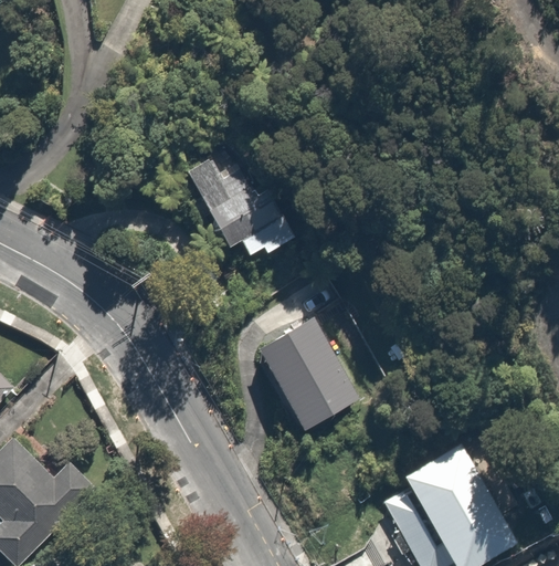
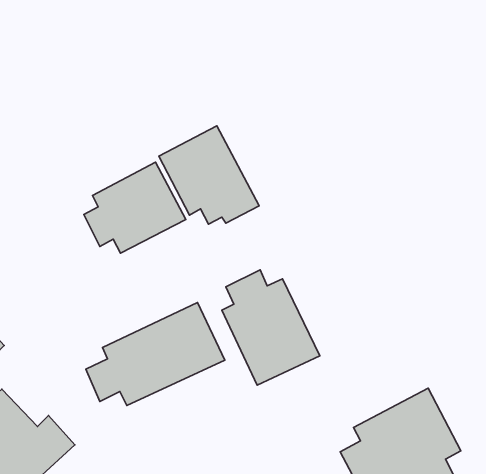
building: none -> [84,162,186,253]
building: none -> [86,302,225,406]

